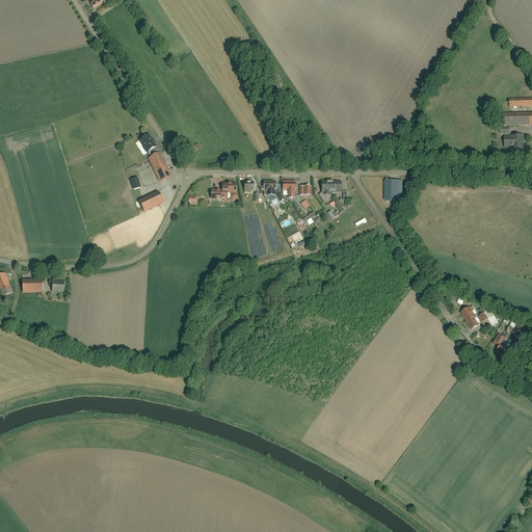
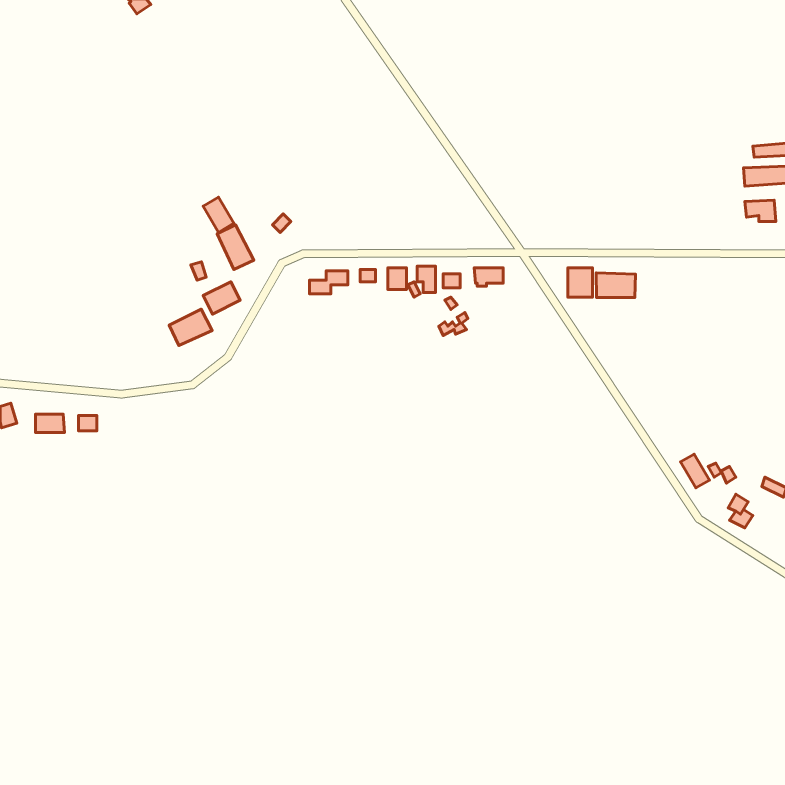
building: none -> [596,273,635,297]
building: none -> [169,309,212,345]

